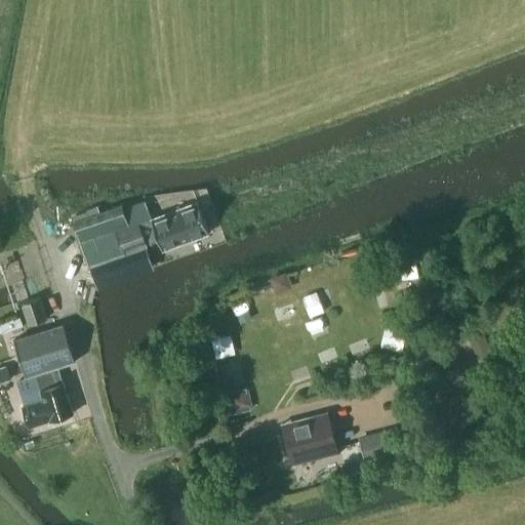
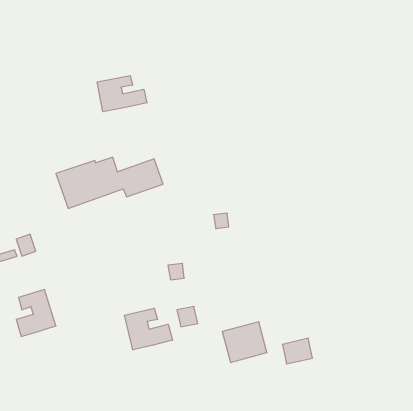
building: none -> [97,76,147,112]
building: [11,327,74,380] -> none
building: none -> [125,308,172,350]

